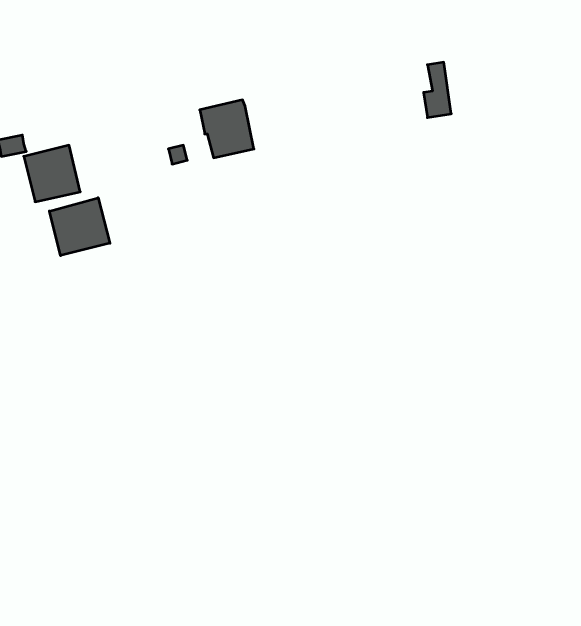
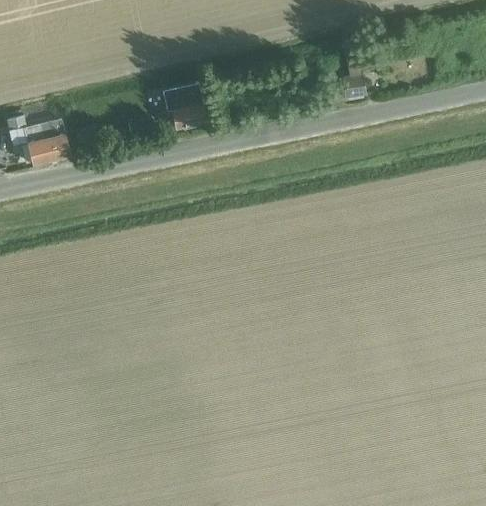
building: [49,198,110,256] -> none

